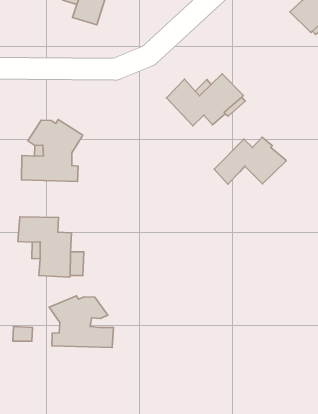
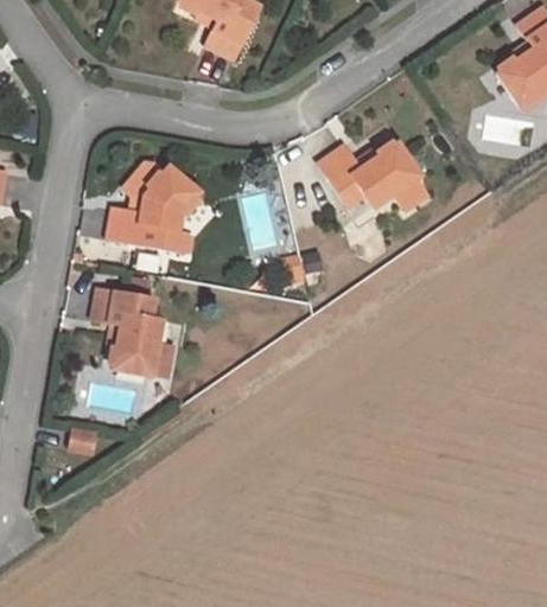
building: [214,137,286,184] -> none
building: [49,296,113,348] -> none

